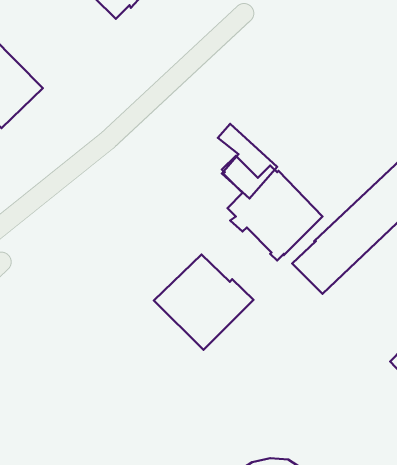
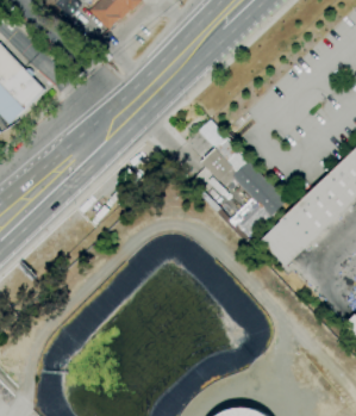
building: [154,254,254,350] -> none

